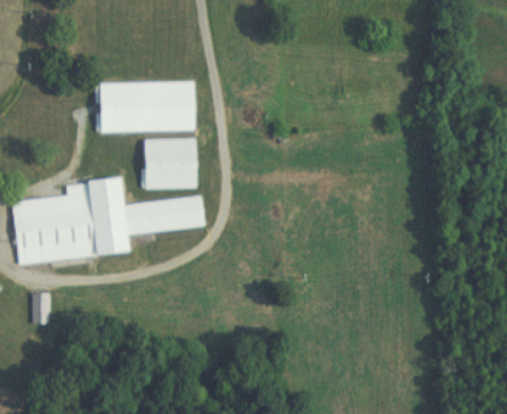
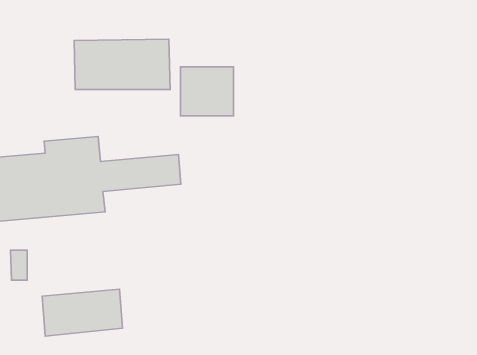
building: [143,138,196,188] -> [181,67,233,116]
building: none -> [42,289,123,336]

